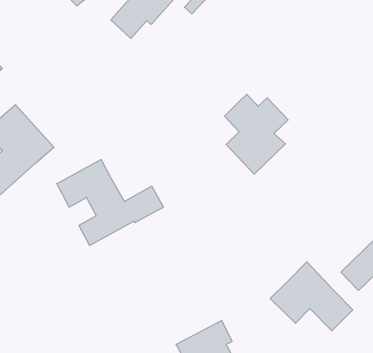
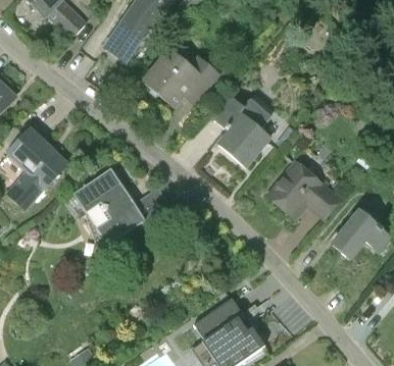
building: none -> [142,46,219,106]
building: [270,262,353,331] -> [267,160,341,218]

